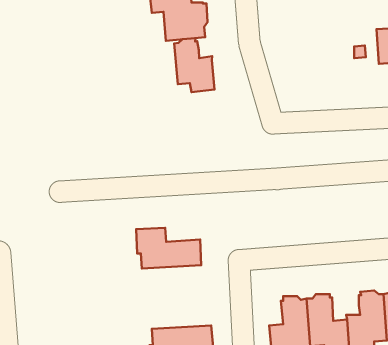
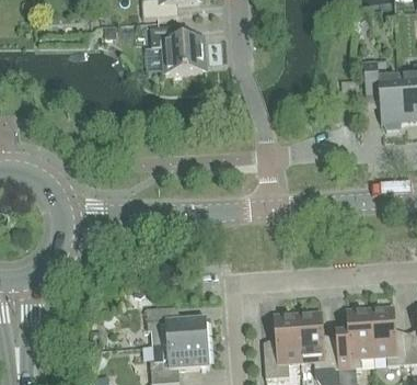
building: [174,38,214,92] -> none
building: [136,228,201,269] -> [147,306,208,344]

